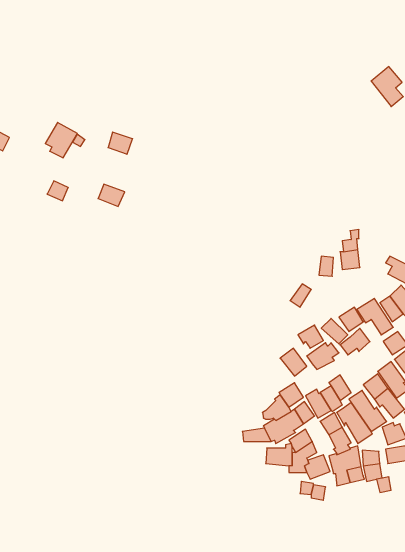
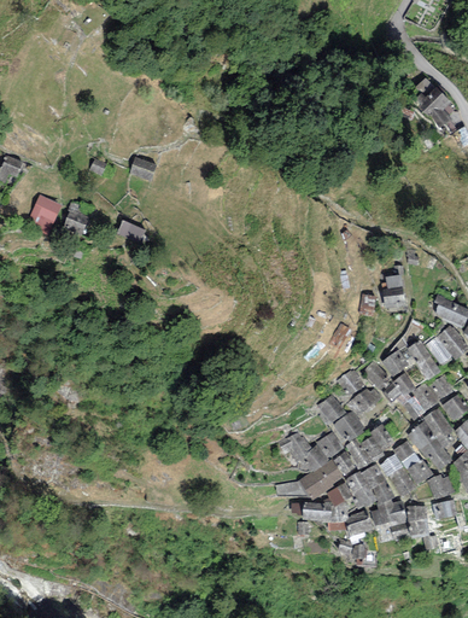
building: [45,122,77,158] -> [28,196,63,234]
building: none -> [403,381,439,420]
building: none -> [333,410,365,441]
building: none -> [277,432,312,465]
building: none -> [345,470,376,507]

